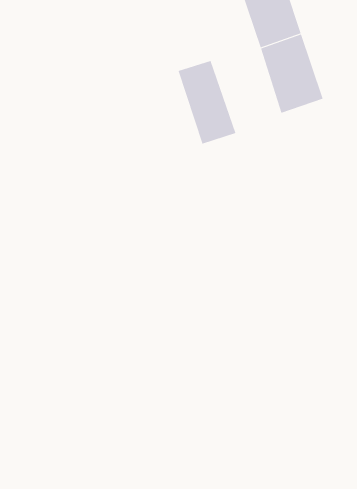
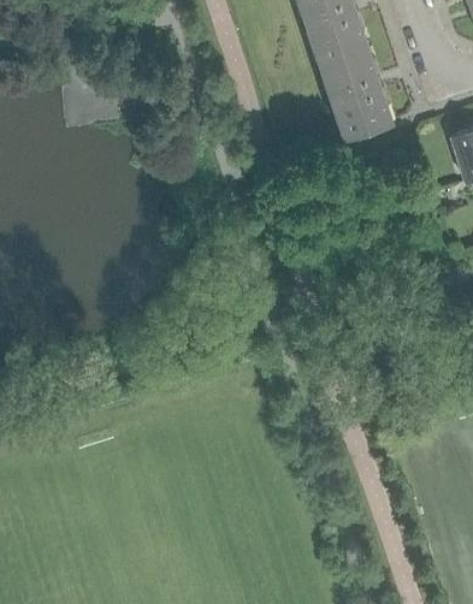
building: [178,60,236,144] -> none

